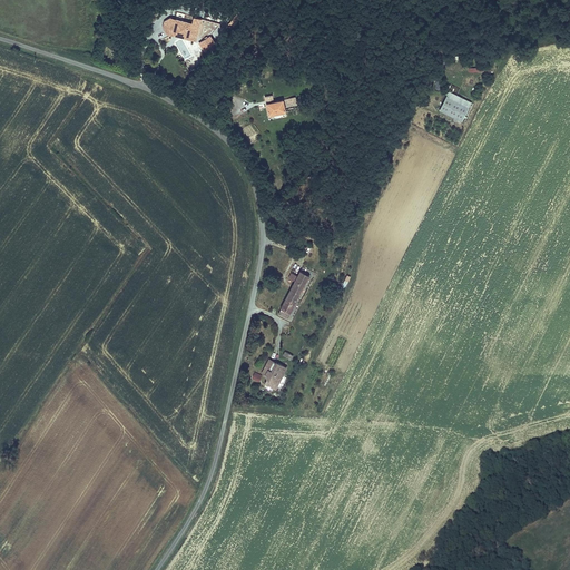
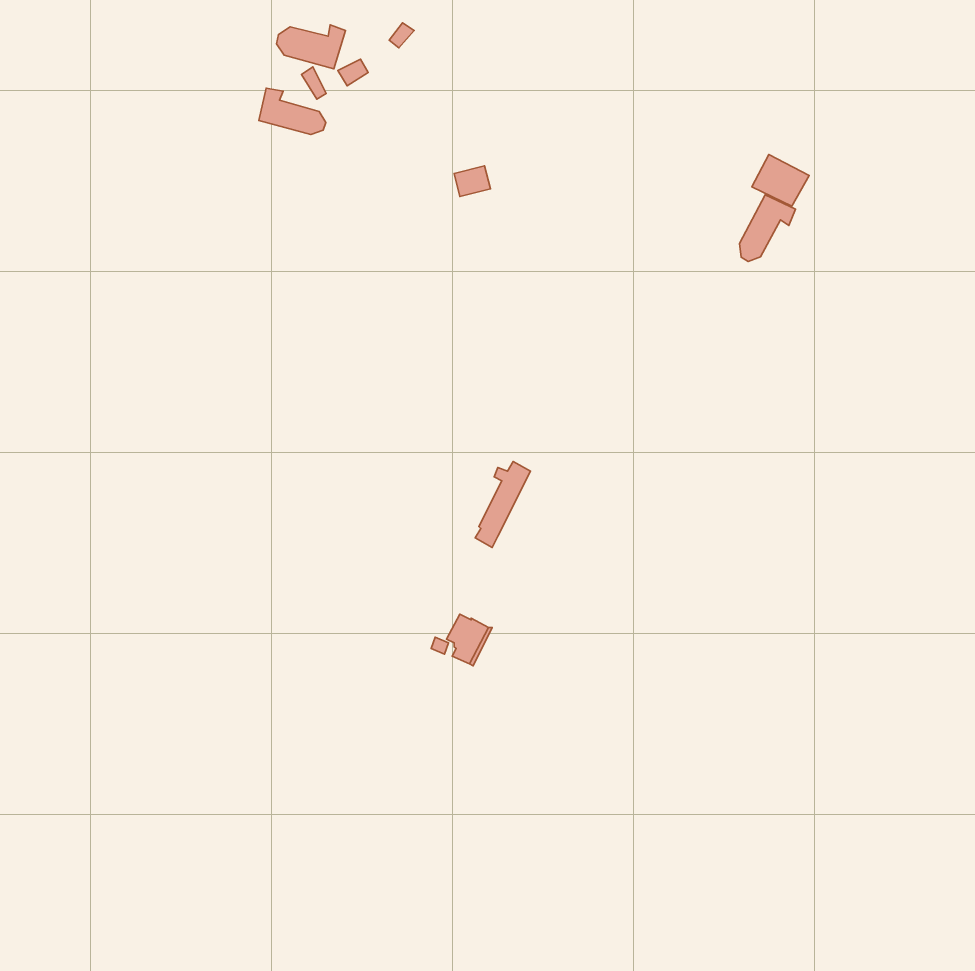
building: none -> [259,88,326,135]
building: none -> [740,195,796,261]

